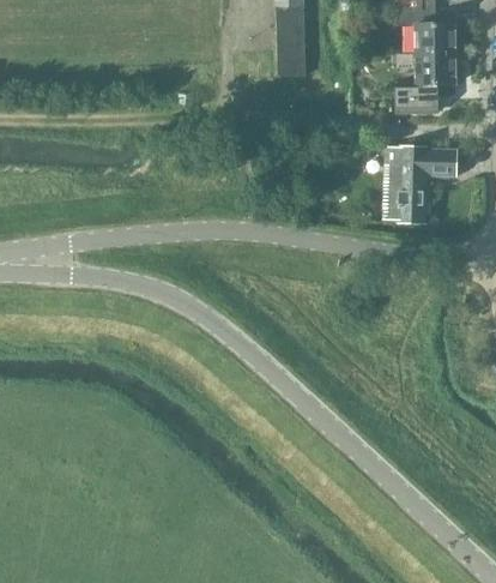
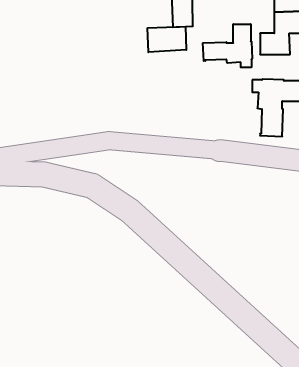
building: none -> [203,24,252,67]
building: none -> [148,27,186,52]

